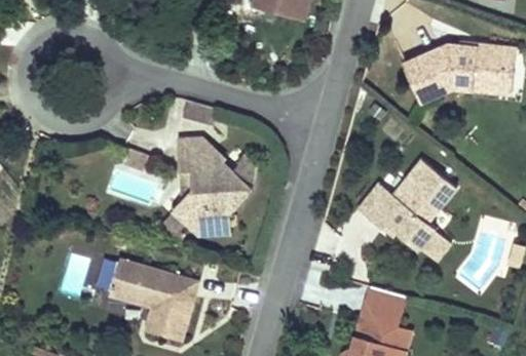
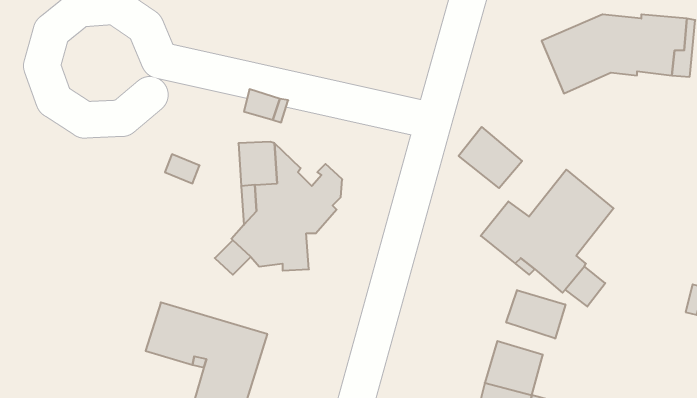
building: none -> [459,127,522,188]
building: none -> [506,290,565,339]

